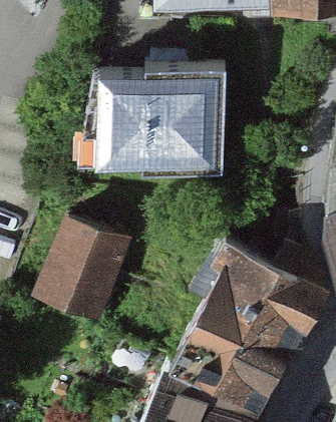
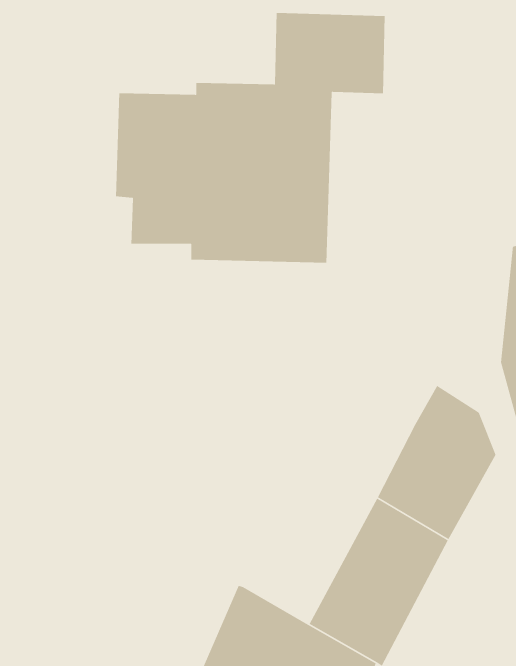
building: [38,221,126,319] -> none
building: [174,240,274,386] -> none

